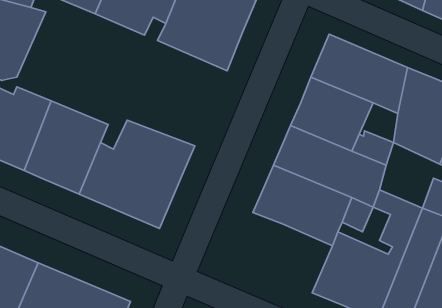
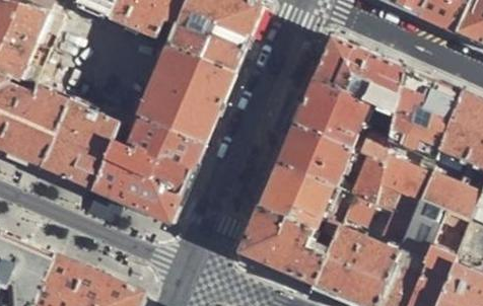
building: none -> [136,45,234,144]
building: none -> [378,156,429,203]
building: none -> [241,207,334,283]

